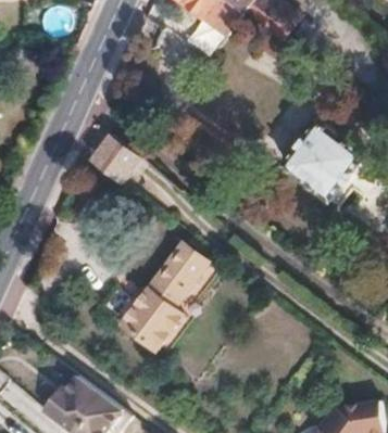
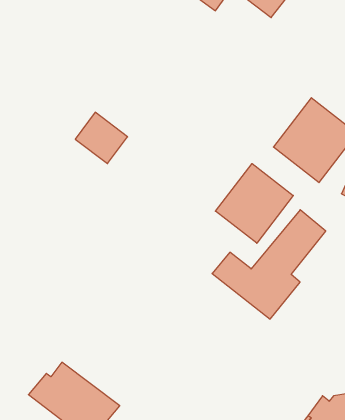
building: none -> [215,164,293,243]
building: [100,242,211,348] -> [212,210,326,319]

